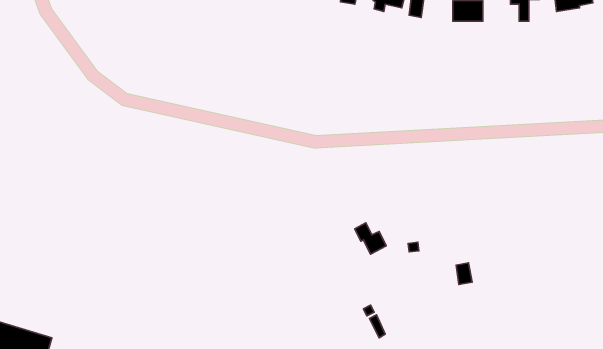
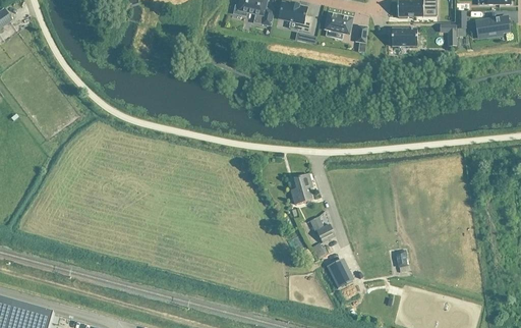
building: none -> [290,173,311,203]
building: none -> [326,258,351,287]

